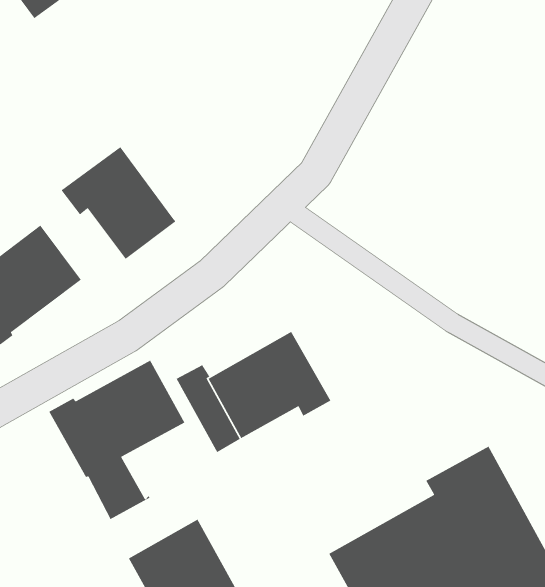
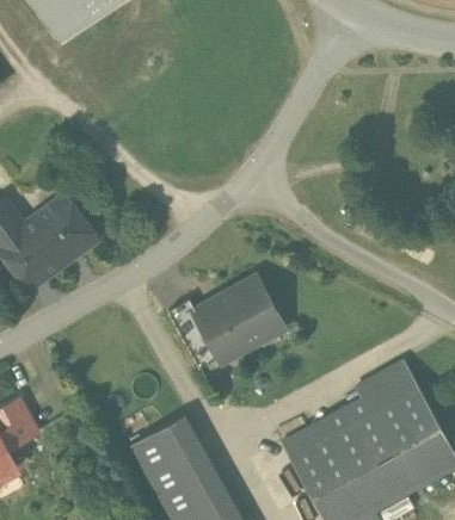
building: [61,146,176,260] -> none
building: [48,360,185,520] -> none

